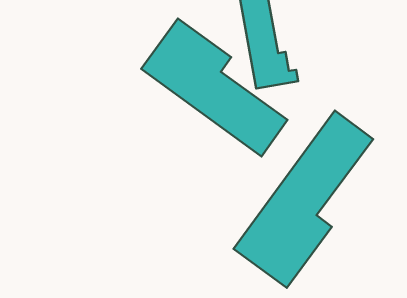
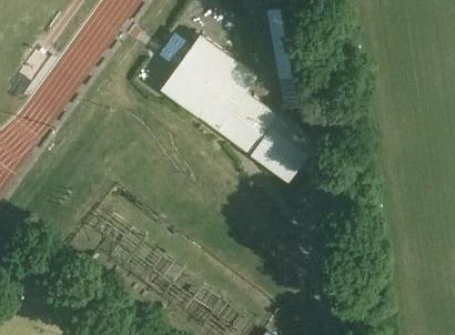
building: [234,110,373,288] -> none

